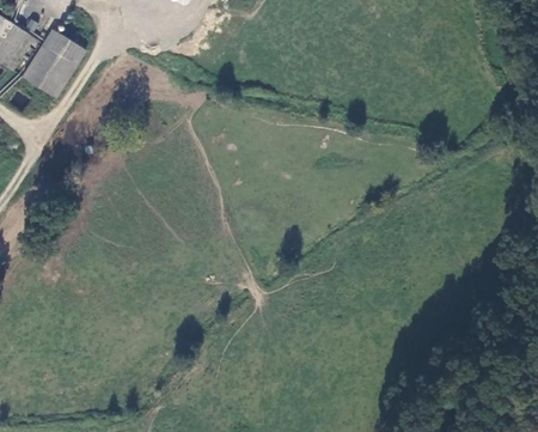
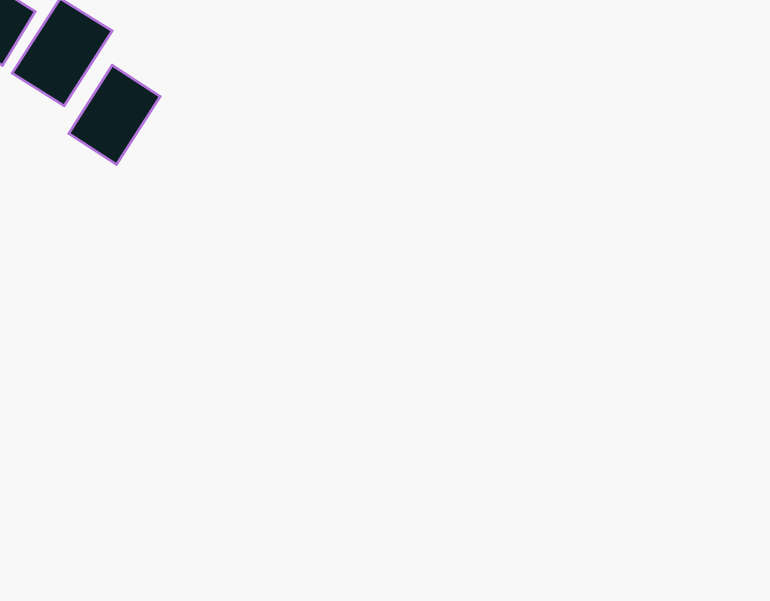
building: none -> [69,65,160,165]

